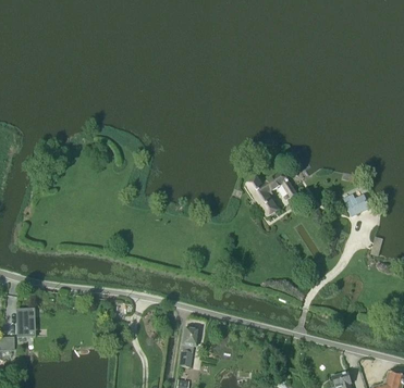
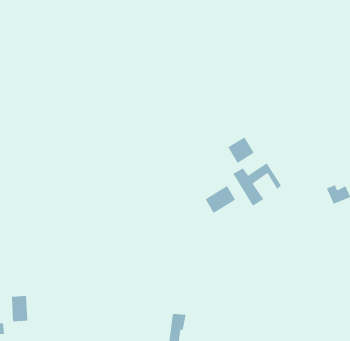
building: none -> [227,136,255,164]
building: none -> [205,185,236,214]

